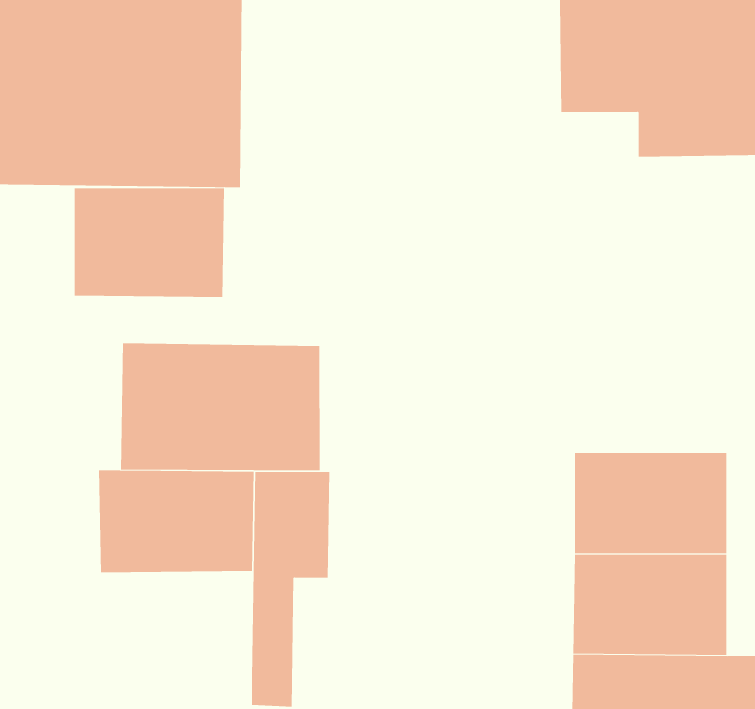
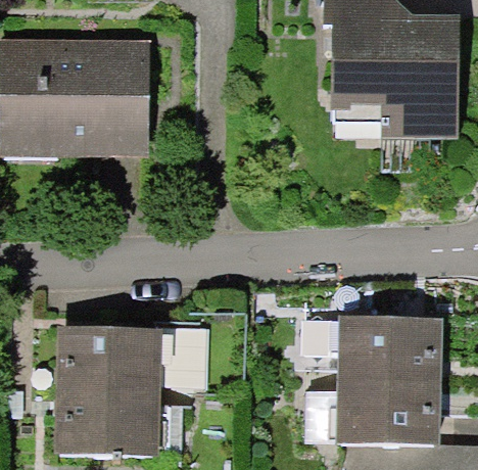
building: [74,188,224,298] -> none
building: [120,342,320,471] -> none
building: none -> [62,386,154,450]

